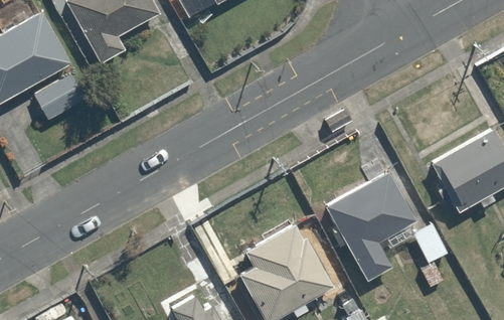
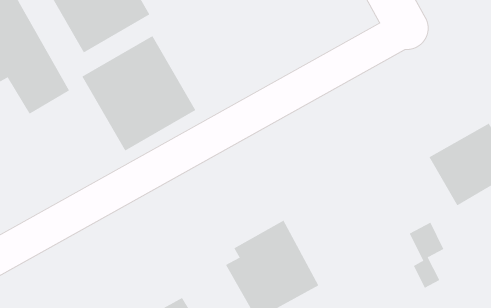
building: none -> [82,35,196,151]
building: [328,172,411,280] -> none

